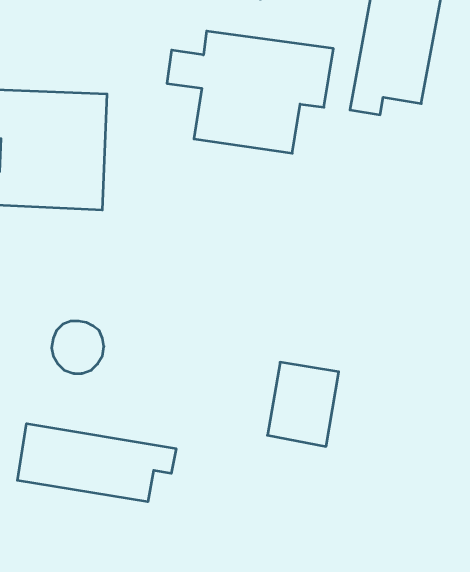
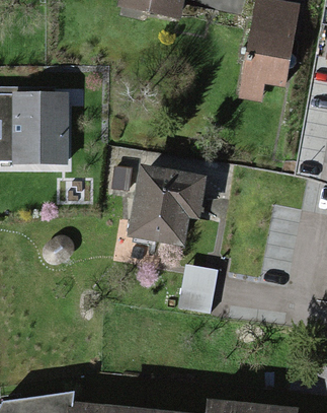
building: [167,31,333,153] -> [116,154,223,232]
building: [17,424,176,502] -> none

